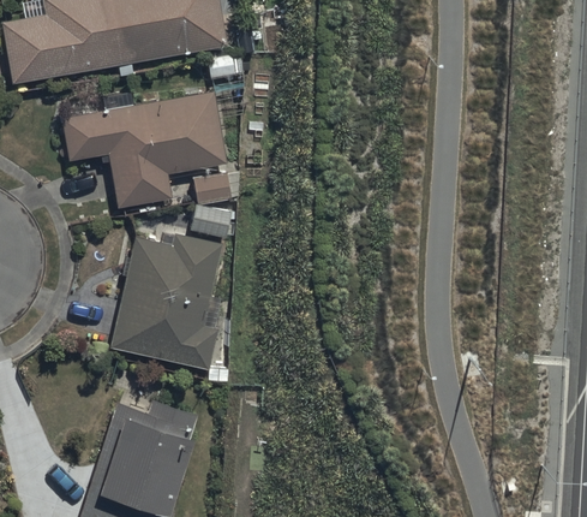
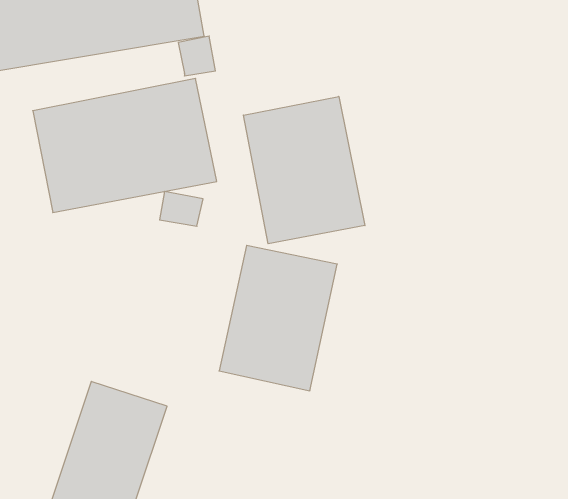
building: none -> [243,96,365,244]
building: [115,227,229,368] -> [219,245,337,391]

